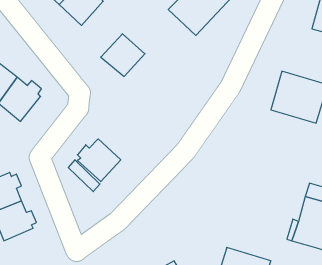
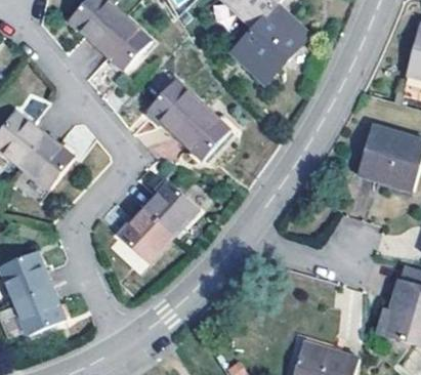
building: none -> [175,106,228,159]
building: none -> [143,181,198,236]

